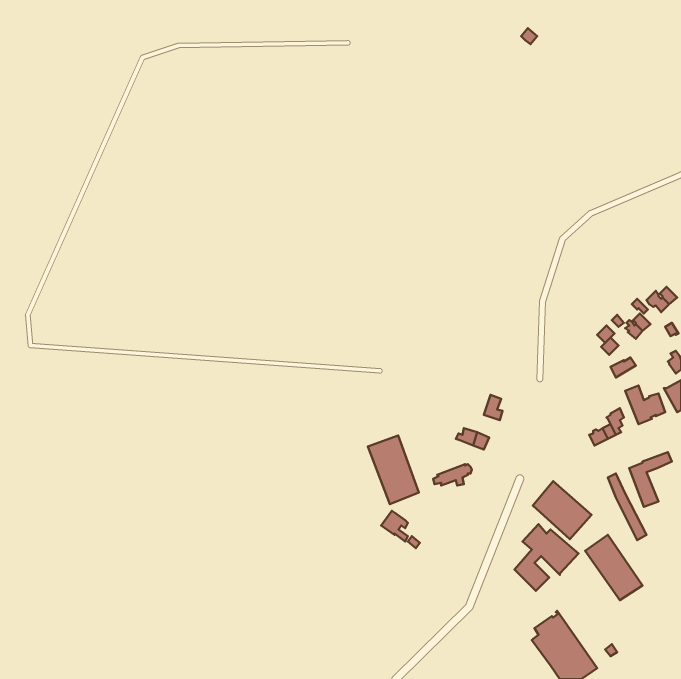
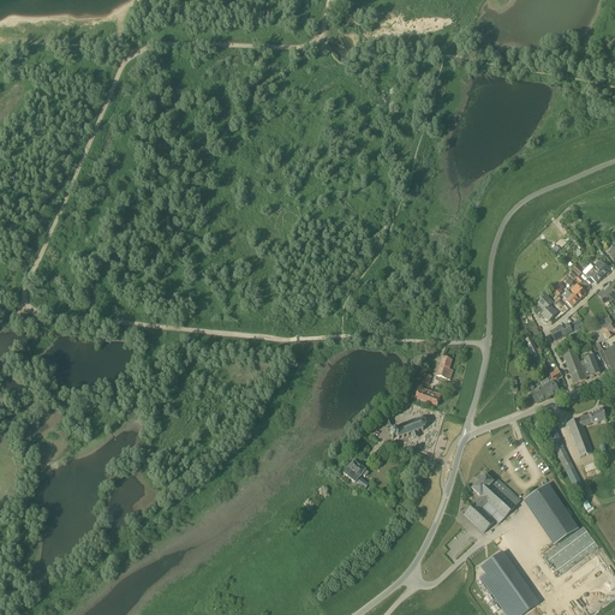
building: [368,436,419,504] -> none
building: [533,481,591,539] -> none
building: none -> [545,525,598,574]

